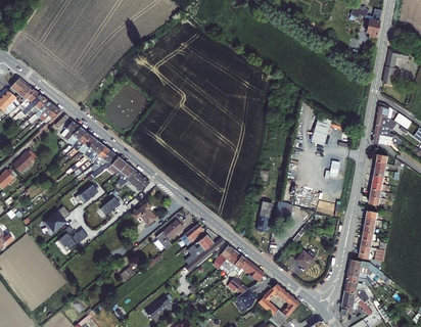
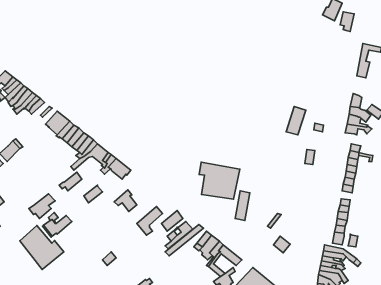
building: none -> [199,162,240,199]
building: none -> [20,225,64,270]

